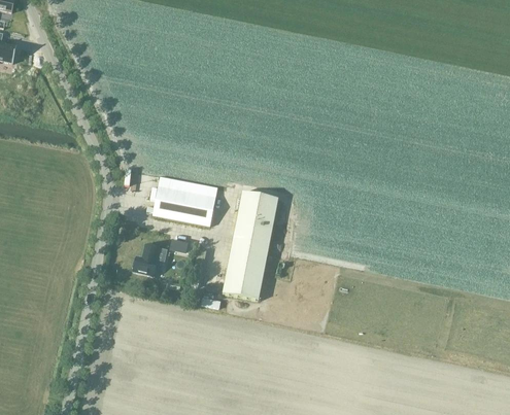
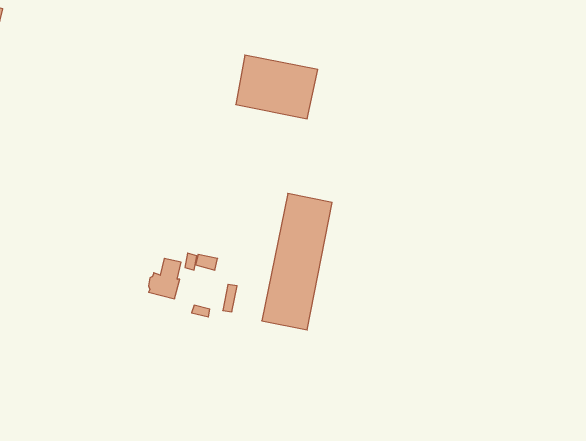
building: [152,175,217,226] -> [236,55,318,119]

